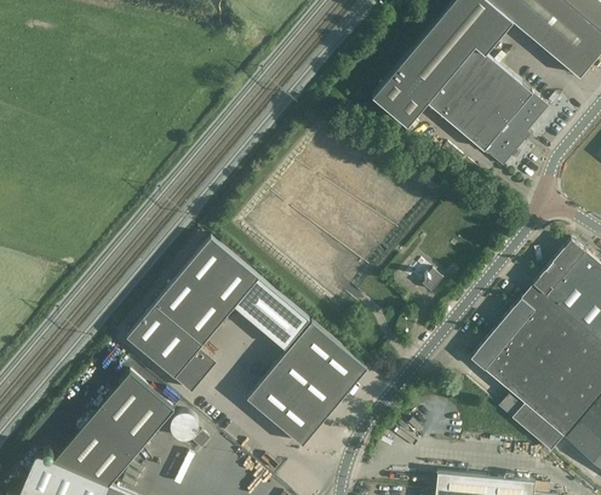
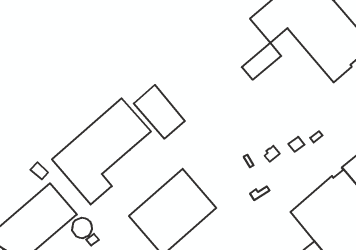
building: none -> [242,43,281,80]
building: [234,277,309,350] -> [134,85,185,139]

